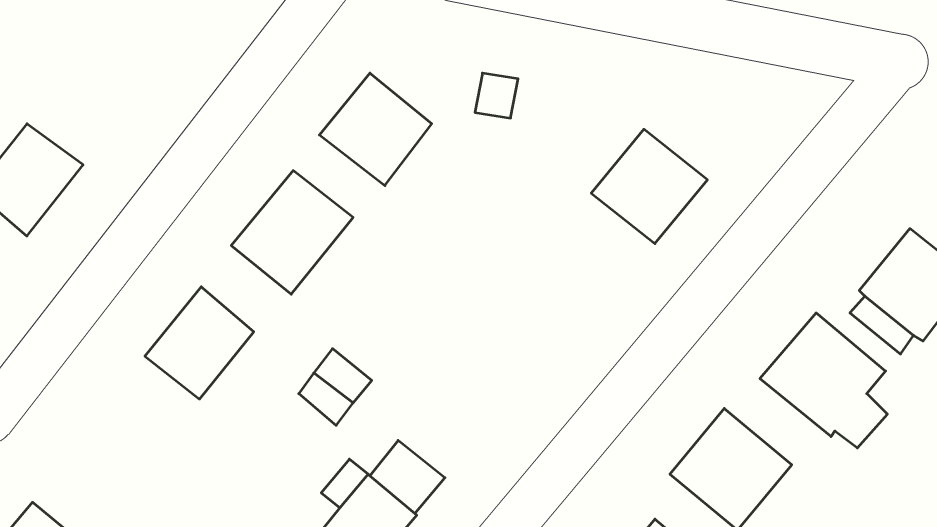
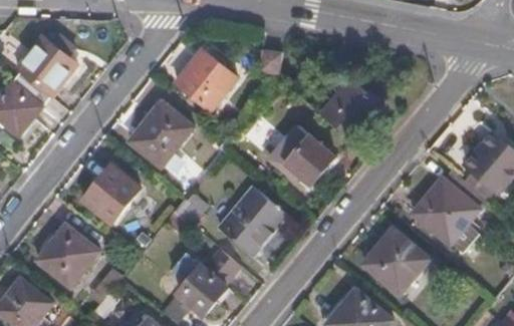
building: none -> [13,35,78,100]
building: none -> [259,125,334,185]
building: none -> [218,188,285,255]
building: none -> [35,224,99,288]

